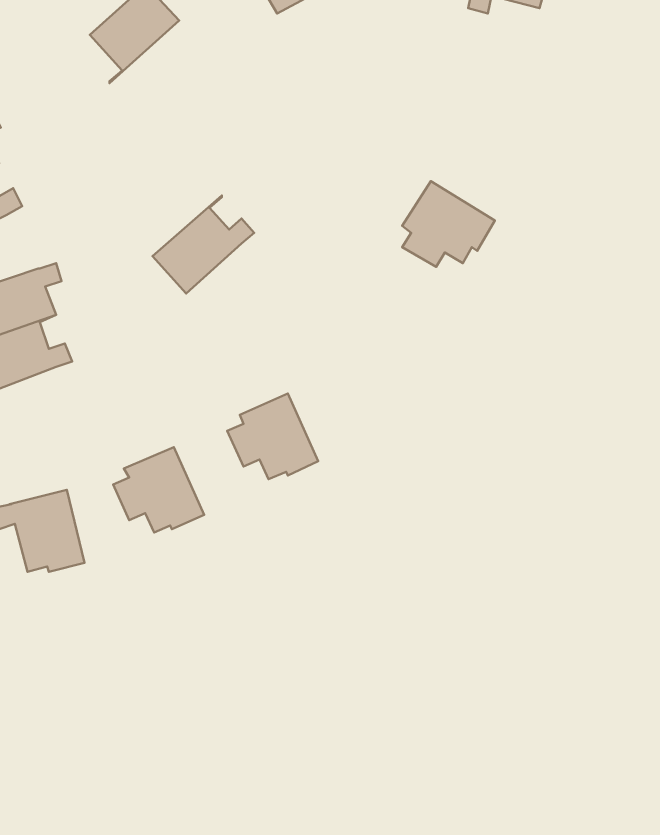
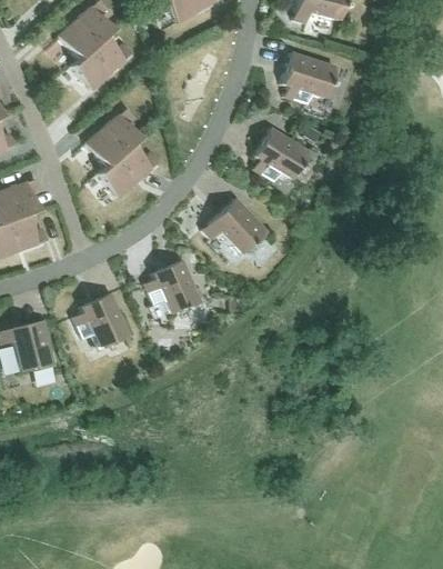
building: none -> [71,28,134,90]
building: none -> [282,52,336,103]
building: none -> [85,107,141,174]
building: none -> [203,198,269,254]

